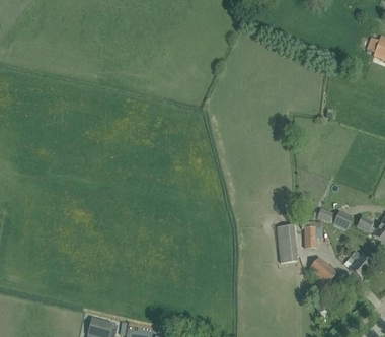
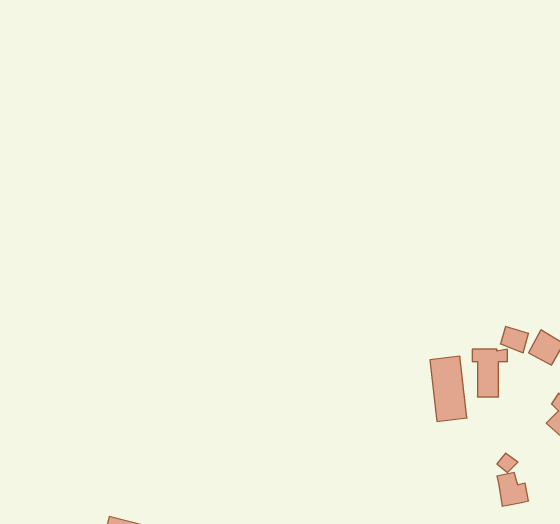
building: [309,257,337,284] -> none

